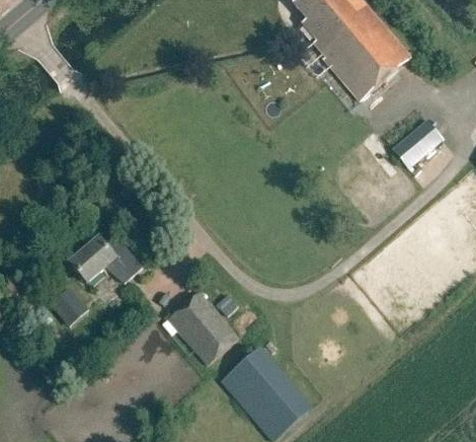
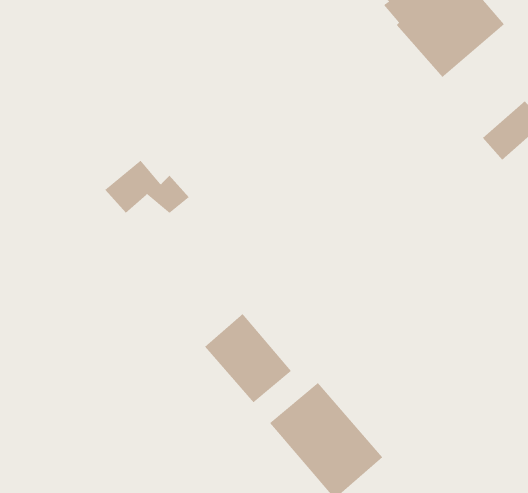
building: [70,237,139,281] -> [104,160,190,214]
building: [50,286,82,317] -> none

